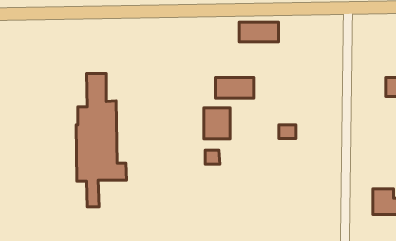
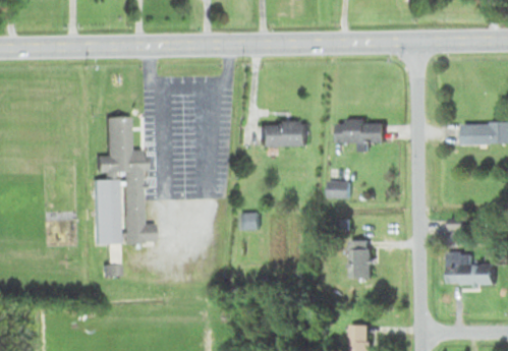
building: [239,22,278,42] -> [336,120,383,143]
building: [204,108,230,139] -> none
building: none -> [349,241,370,280]

